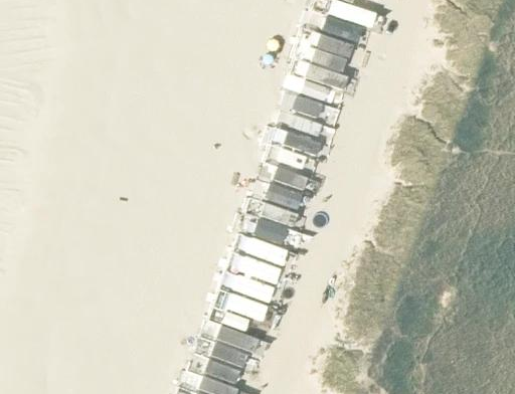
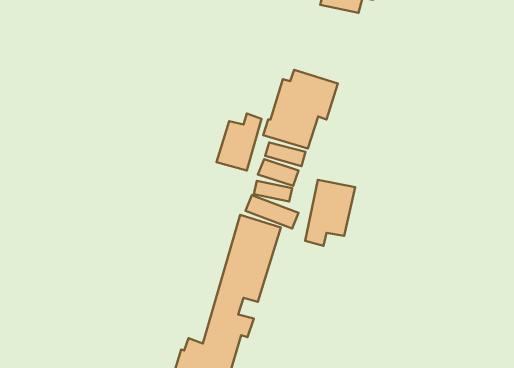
building: [287,33,353,105] -> none
building: none -> [216,114,262,170]
building: none -> [305,180,355,246]

